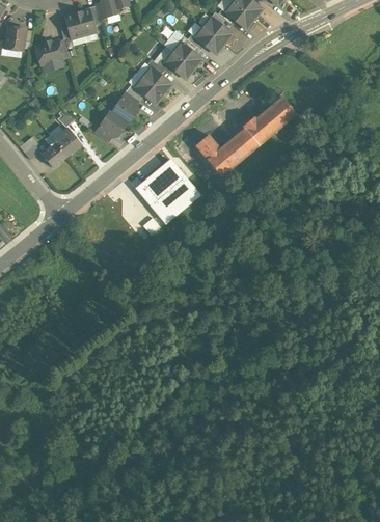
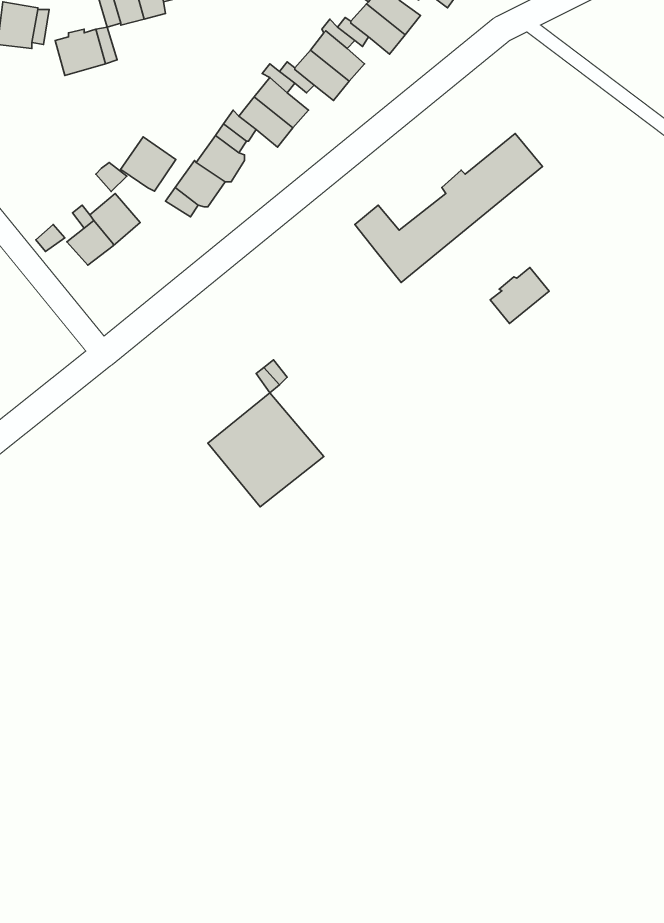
building: none -> [120,137,176,191]
building: [137,161,199,222] -> [208,393,324,507]
building: none -> [490,268,549,323]

